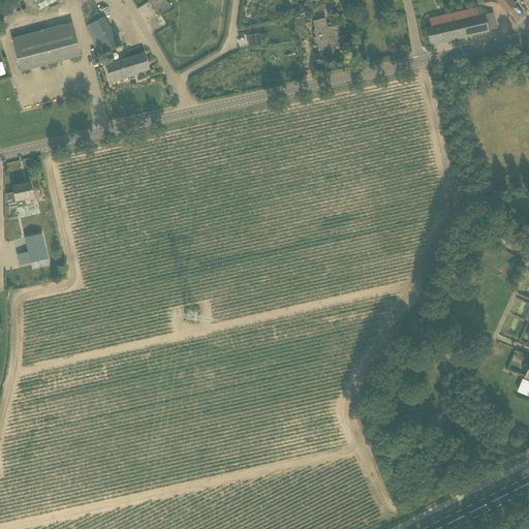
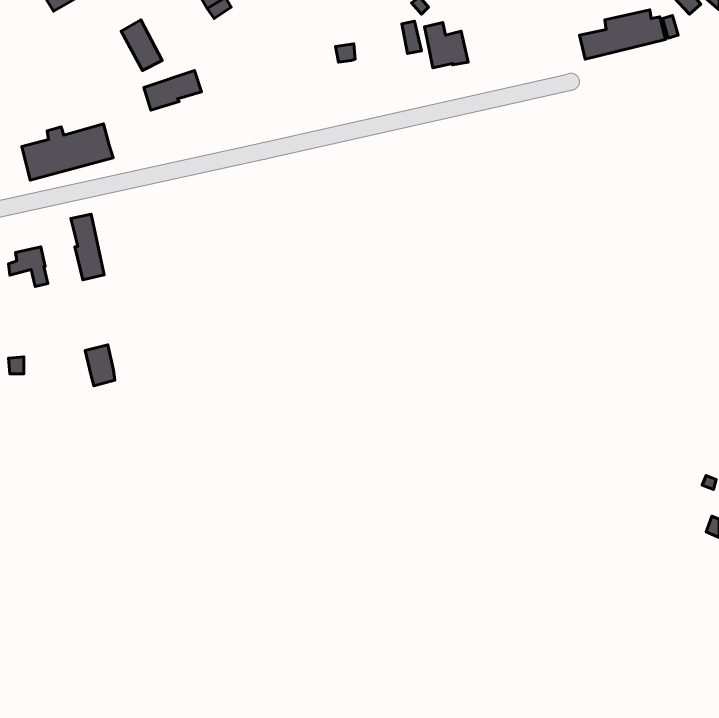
building: [13,29,81,70] -> [22,124,113,180]
building: none -> [71,214,104,280]
building: [25,231,46,261] -> [85,345,115,386]

